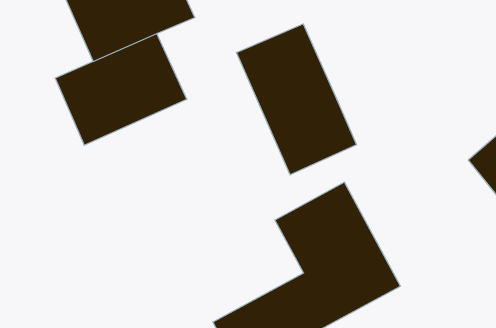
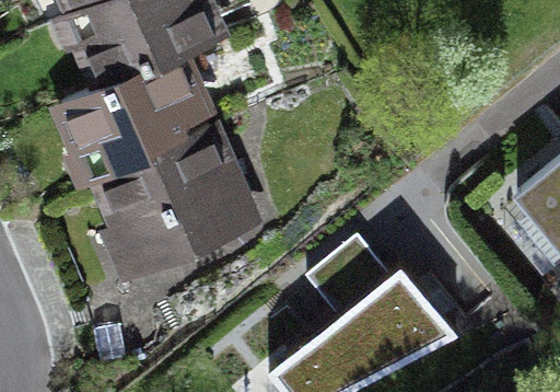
building: [237,24,357,175] -> none
building: none -> [105,134,254,266]

